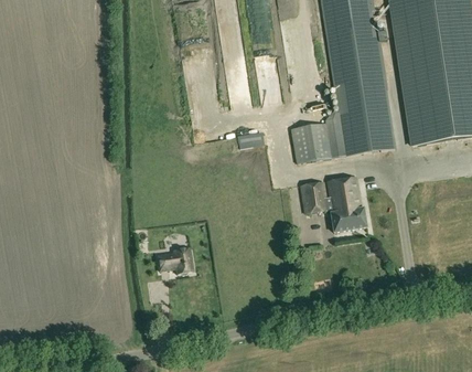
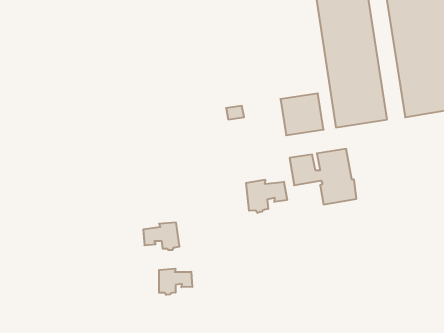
building: none -> [246,180,287,213]
building: none -> [159,269,192,295]

